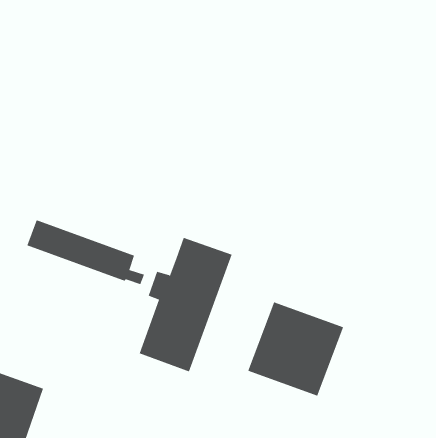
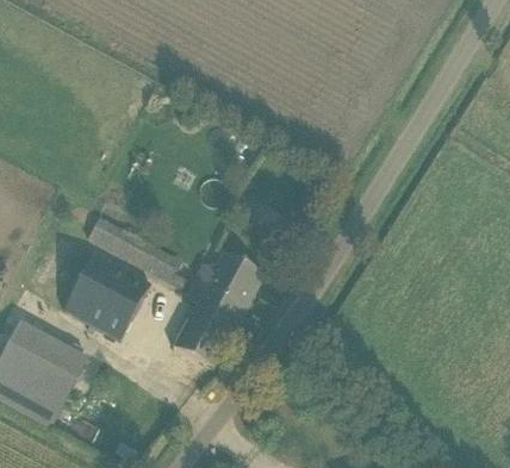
building: none -> [66,264,153,338]
building: [247,301,344,397] -> none

